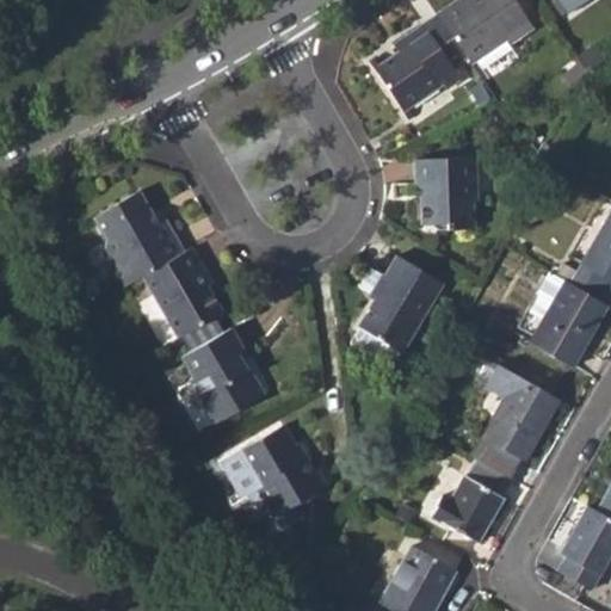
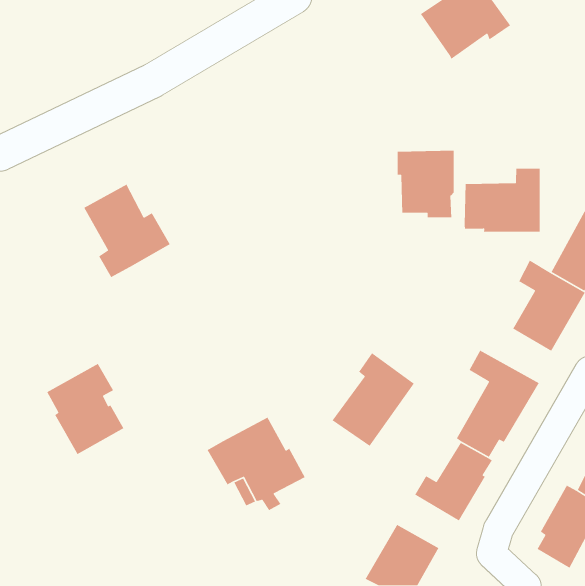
building: [369,14,469,118] -> none
building: none -> [464,168,540,232]
building: [140,248,218,339] -> none
building: [357,252,443,350] -> [332,352,415,447]
building: [181,331,263,426] -> [46,363,125,455]

